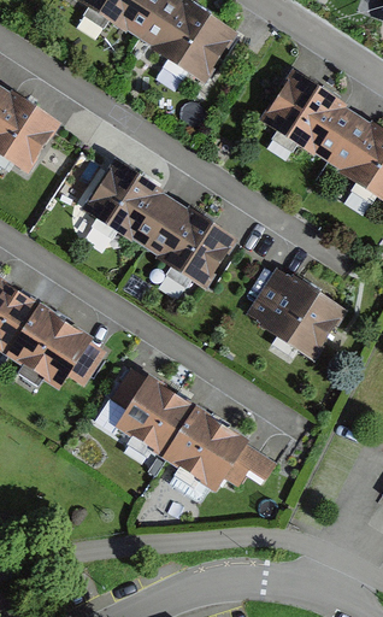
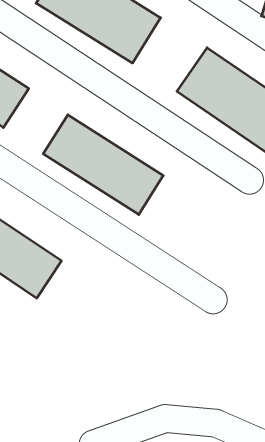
building: [246,271,348,365] -> none
building: [101,371,275,495] -> none

